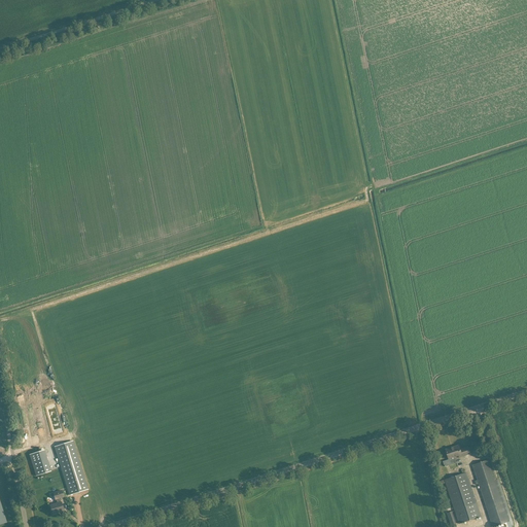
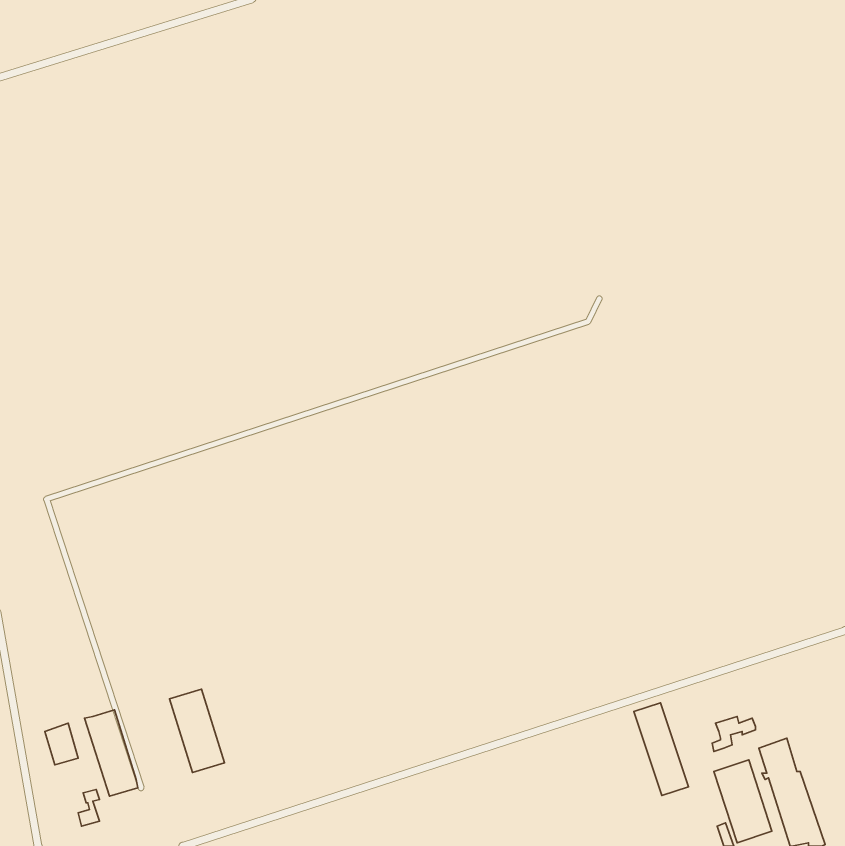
building: none -> [170,689,224,773]
building: none -> [634,703,688,796]

